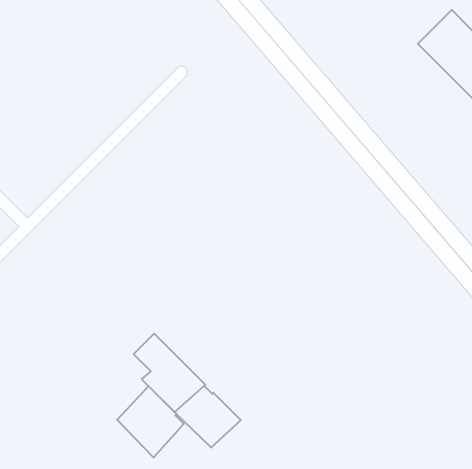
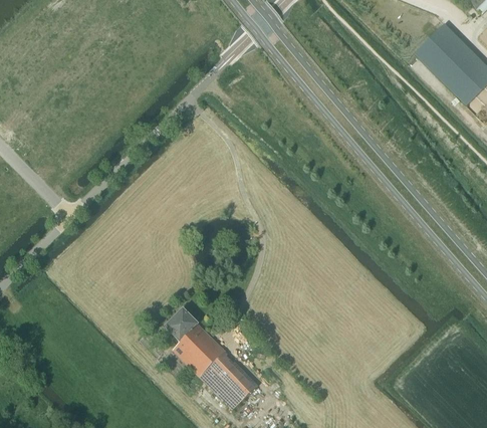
building: [117,386,184,458] -> none

